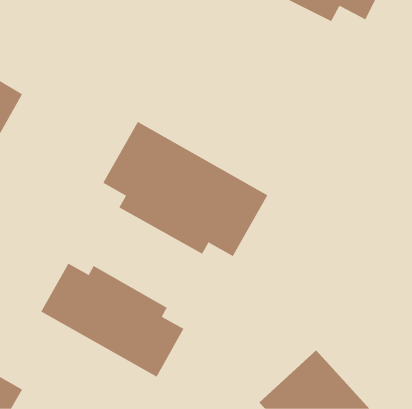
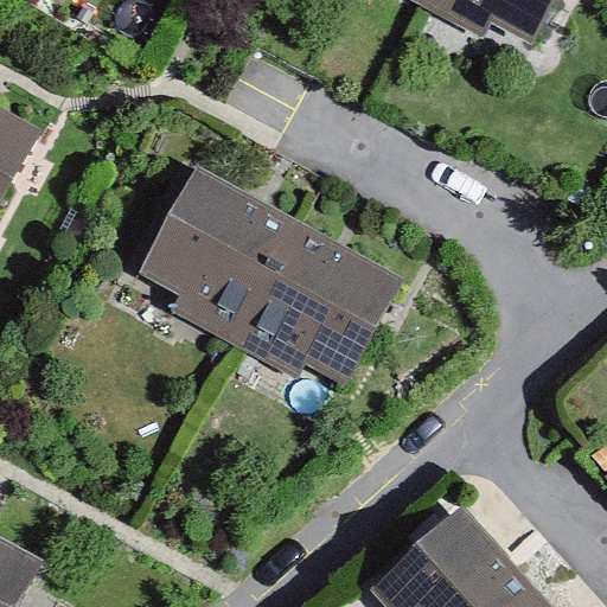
building: [41,263,184,377] -> none

